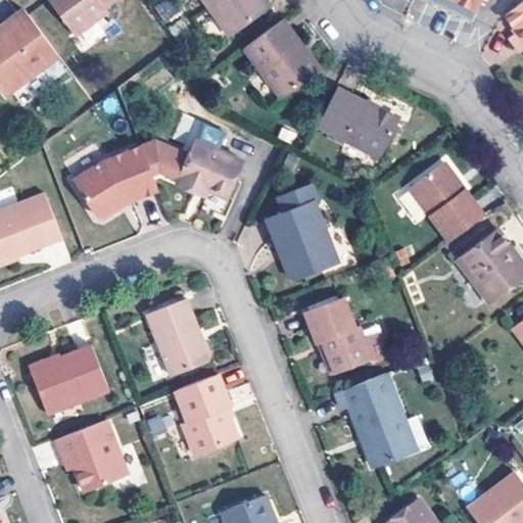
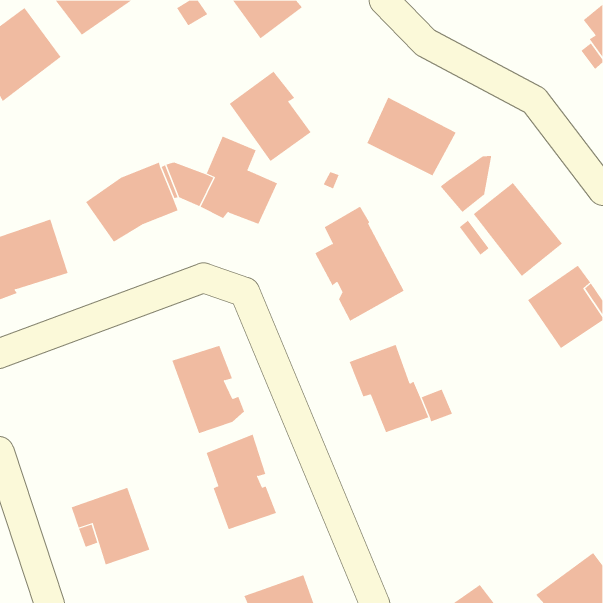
building: [240,17,312,96] -> [229,71,312,162]
building: none -> [440,155,492,213]
building: [36,345,112,412] -> none
building: [337,376,416,471] -> none

